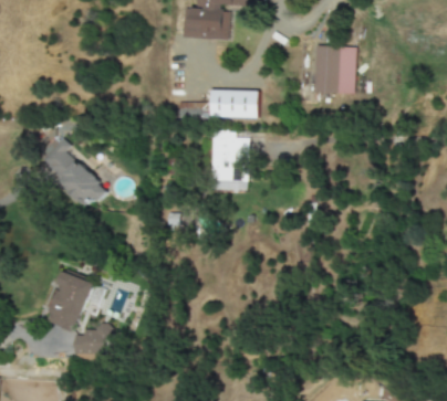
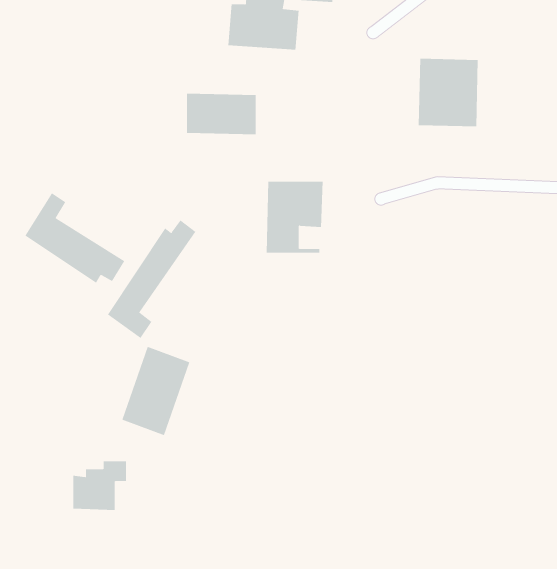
building: [211,89,260,118] -> [186,93,256,135]
building: none -> [107,220,196,339]
building: [45,271,93,333] -> [121,346,190,436]

